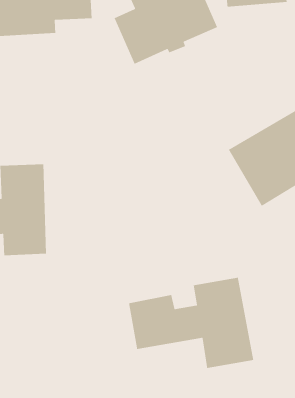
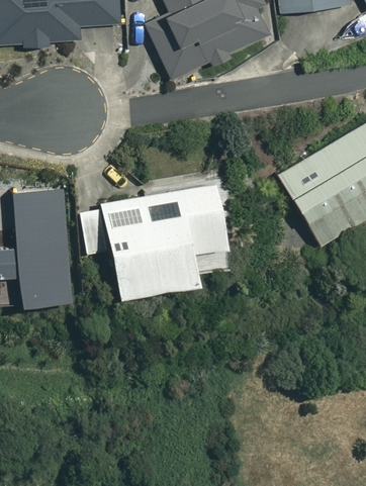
building: none -> [78,181,221,289]
building: [128,277,254,369] -> none

